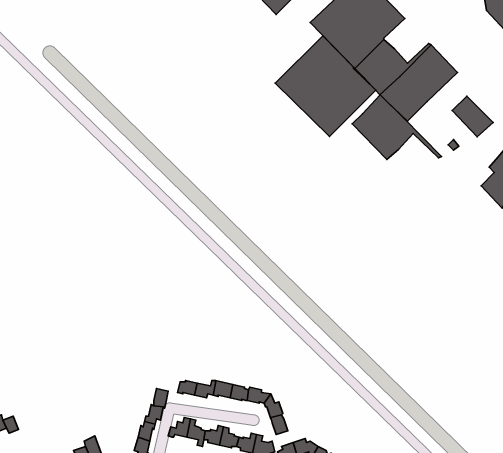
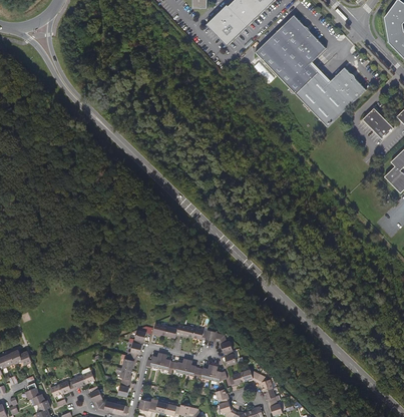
building: [275,36,376,136] -> none
building: [352,95,441,159] -> none

